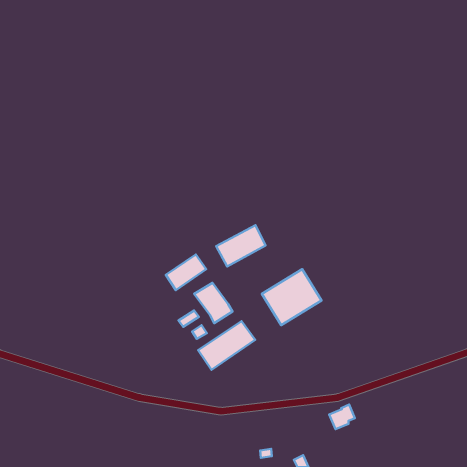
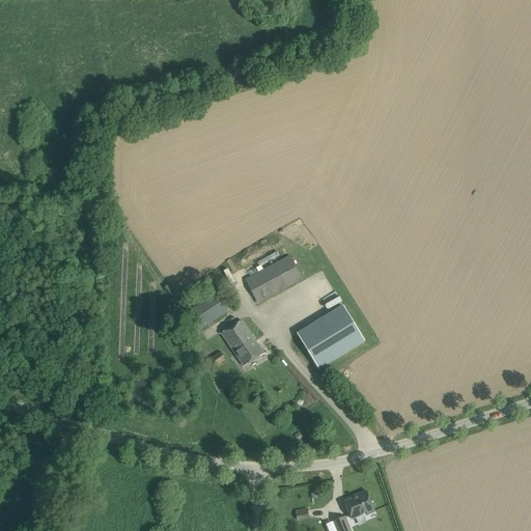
building: [198,321,255,370] -> none
building: [329,404,355,429] -> [343,491,372,519]

